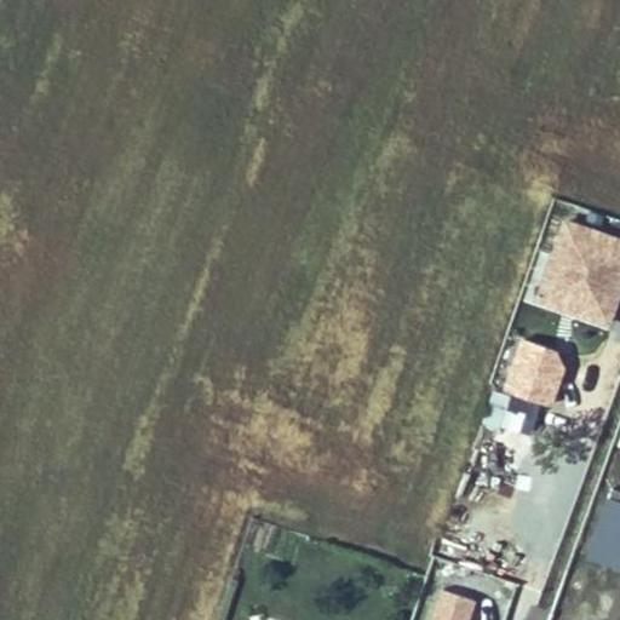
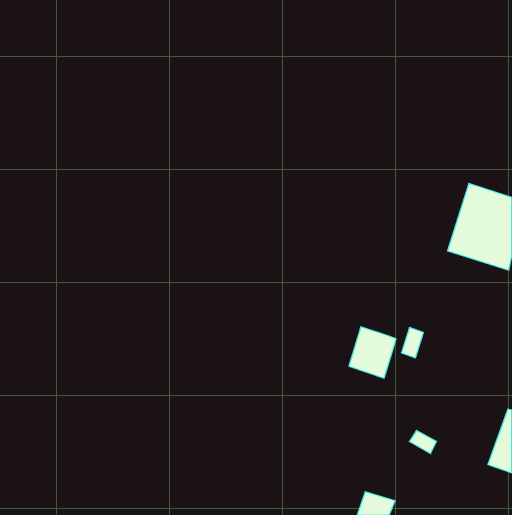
building: [507,344,564,406] -> [349,327,396,378]

